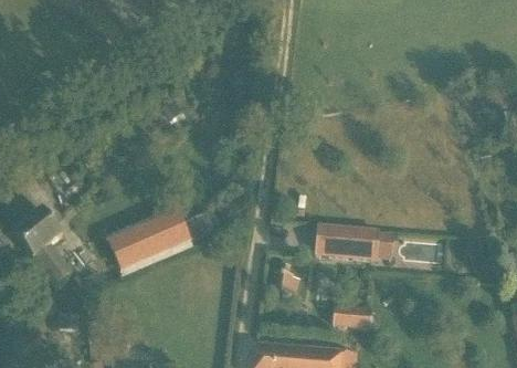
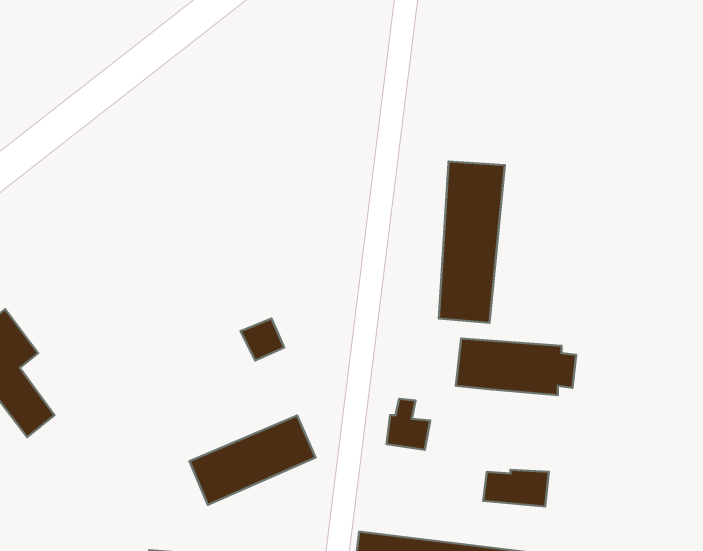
building: none -> [439,162,505,323]
building: [106,219,182,273] -> [190,416,315,505]

